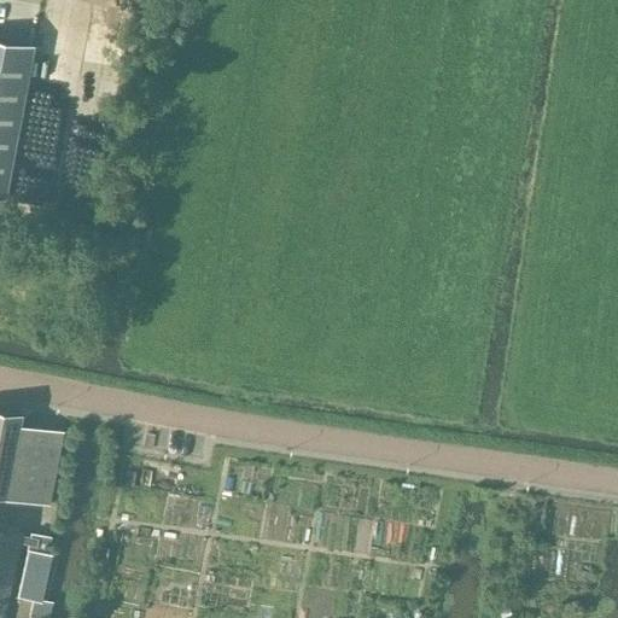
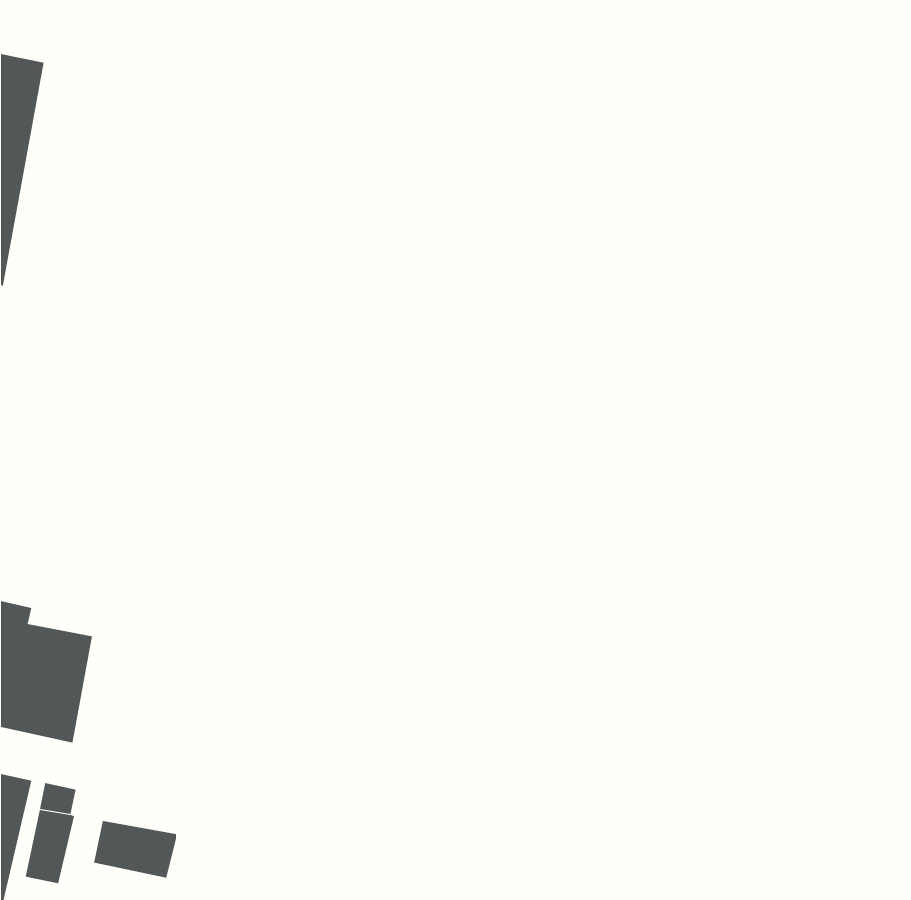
building: none -> [93,820,177,878]

